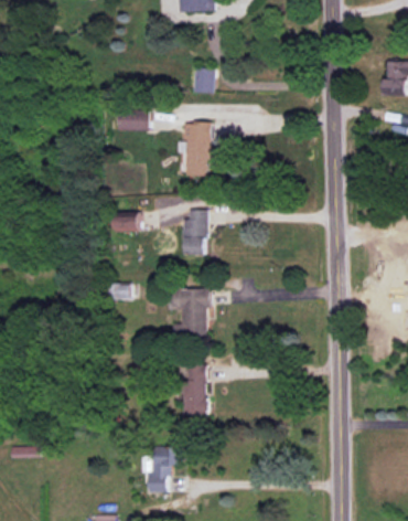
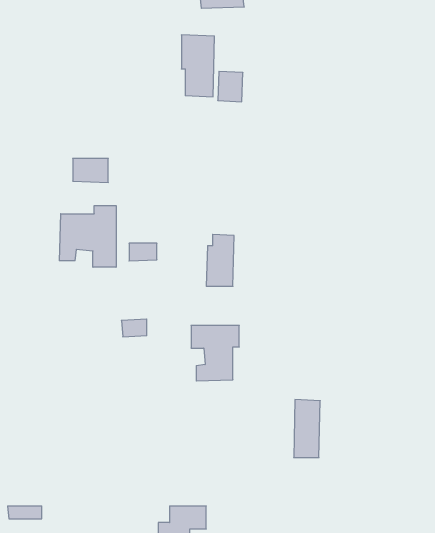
building: [118,109,149,130] -> [73,158,108,182]
building: [182,121,211,176] -> [181,35,214,97]
building: none -> [59,206,116,267]
building: [184,363,207,414] -> [294,400,320,458]

